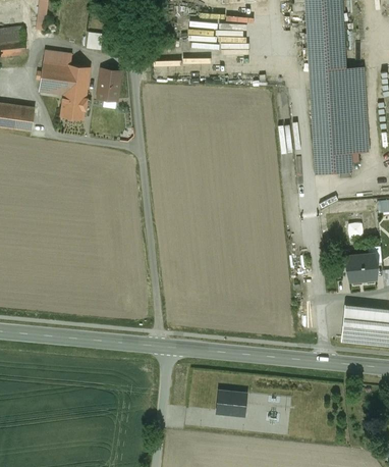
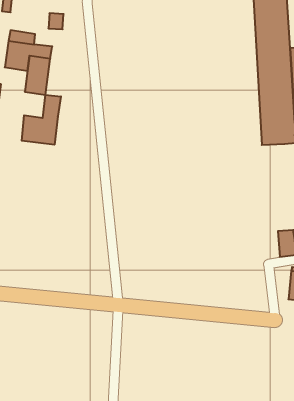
building: [99,68,121,101] -> none
building: none -> [22,95,61,145]
building: [217,391,248,416] -> none

